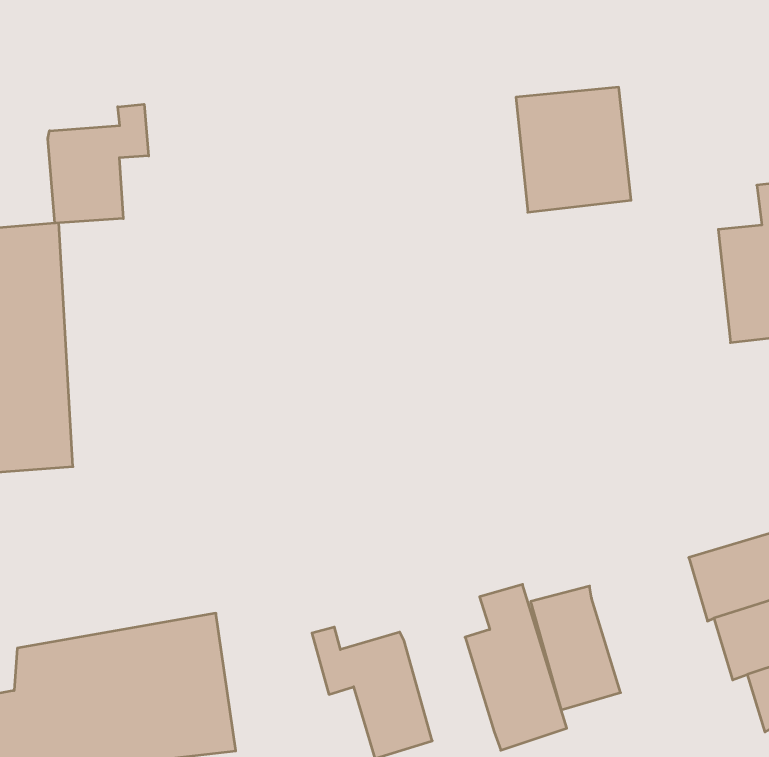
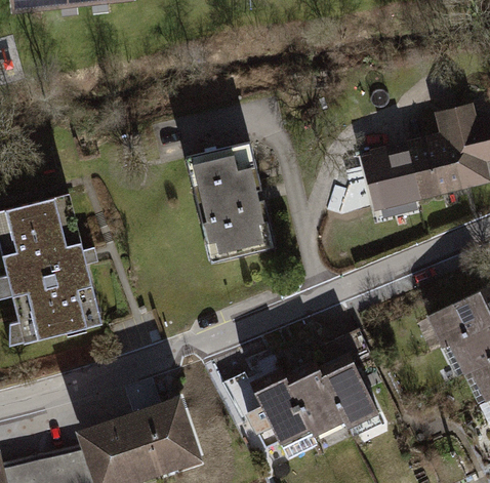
building: [516,87,631,212] -> [362,140,432,214]
building: [48,104,149,223] -> none
building: none -> [188,146,275,266]
building: [531,586,621,710] -> [286,371,341,439]

